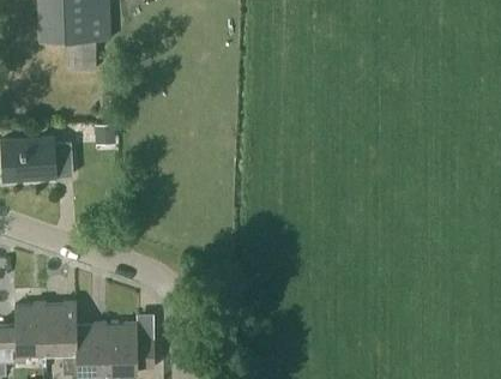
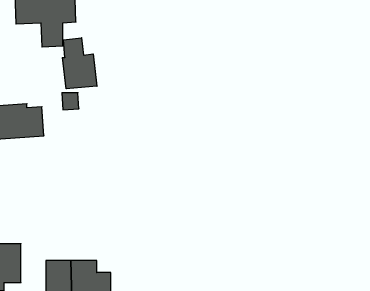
building: none -> [62,38,97,89]
building: [46,305,76,353] -> none

